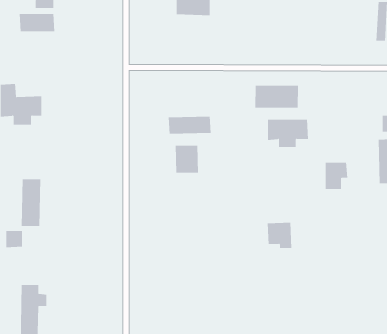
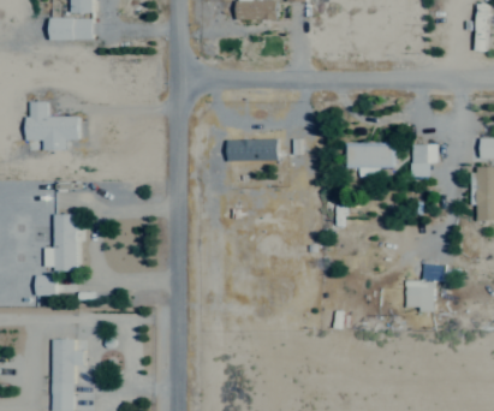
building: [255,85,298,108] -> none
building: [175,145,198,173] -> none
building: [325,162,348,189] -> [410,144,438,177]
building: [267,222,292,248] -> [405,280,435,311]

